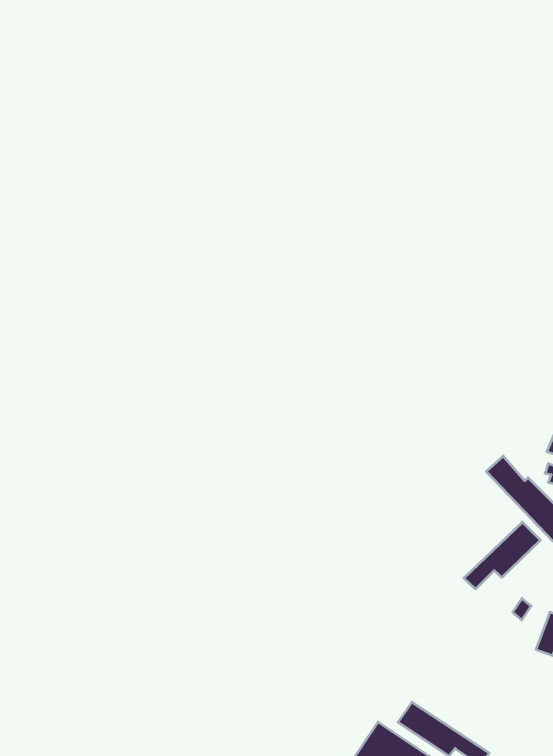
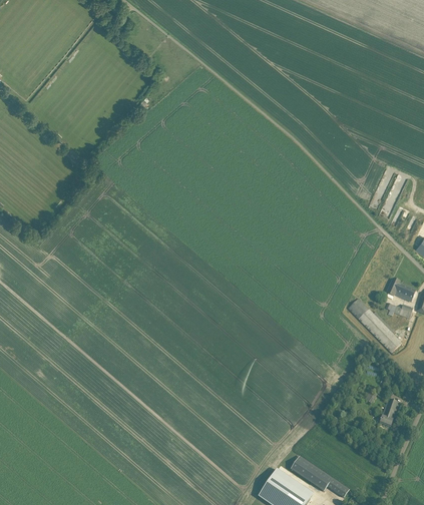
building: [464,522,540,589] -> none

